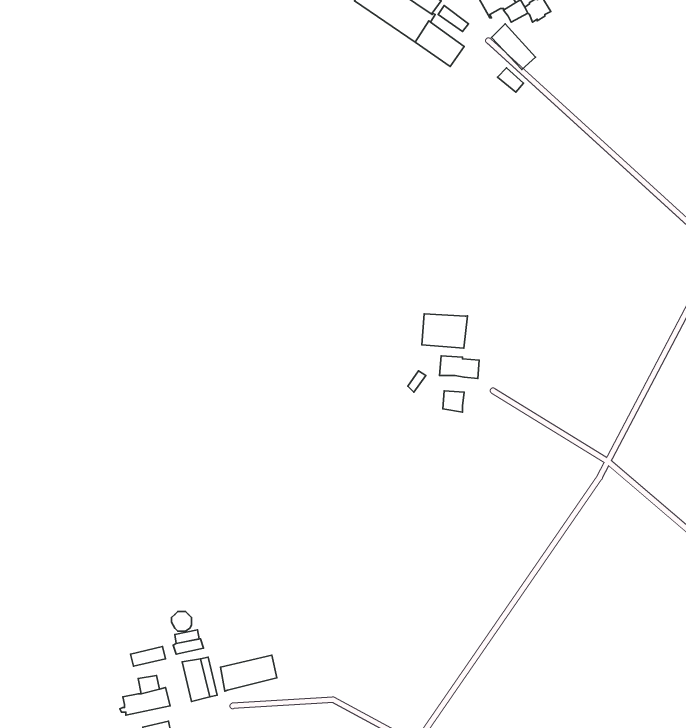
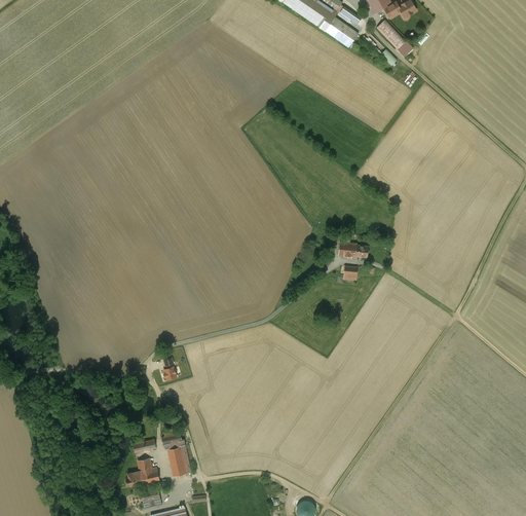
building: [422,314,467,348] -> none
building: [221,655,277,691] -> none

